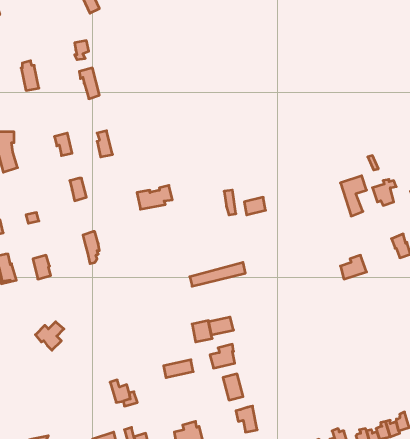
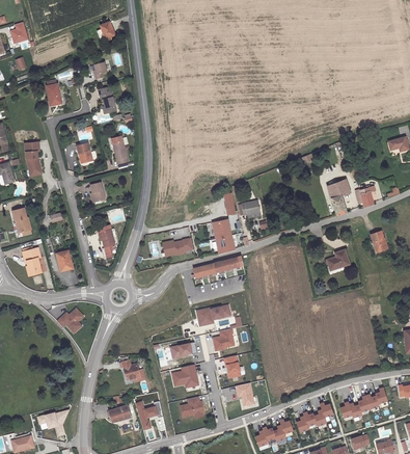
building: [137,185,172,209] -> [162,237,193,258]
building: none -> [212,218,235,253]
building: none -> [172,365,199,388]

